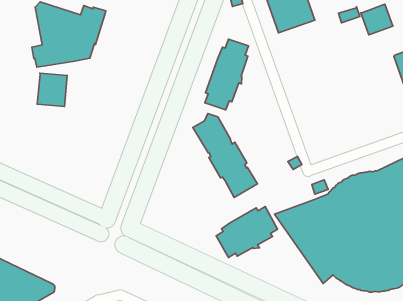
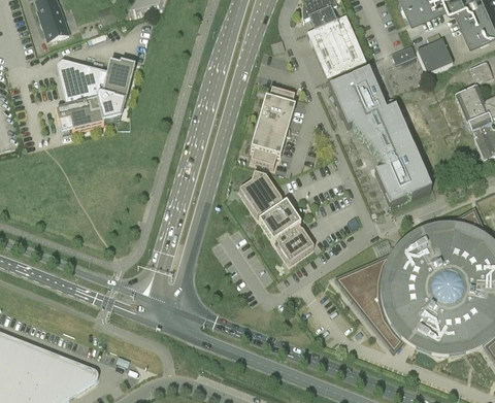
building: none -> [330,69,432,206]
building: [37,73,67,107] -> none
building: [216,207,278,257] -> none

